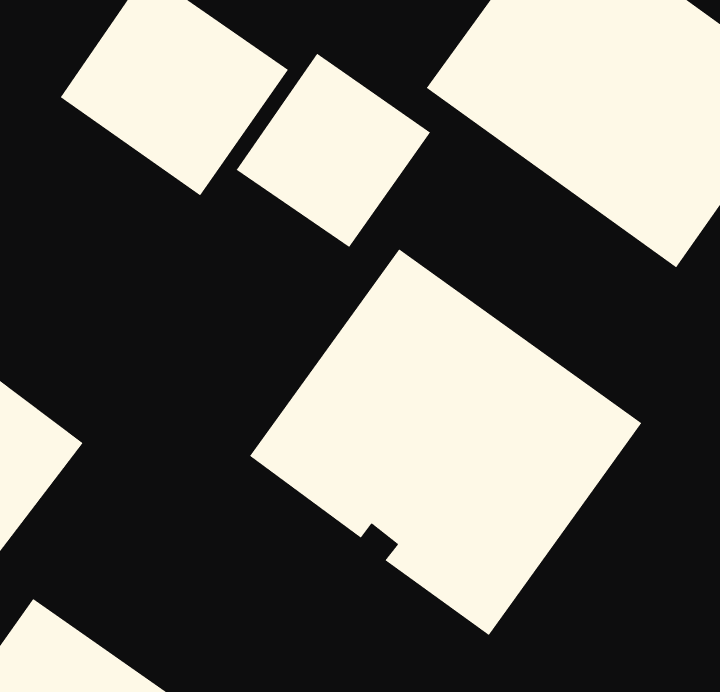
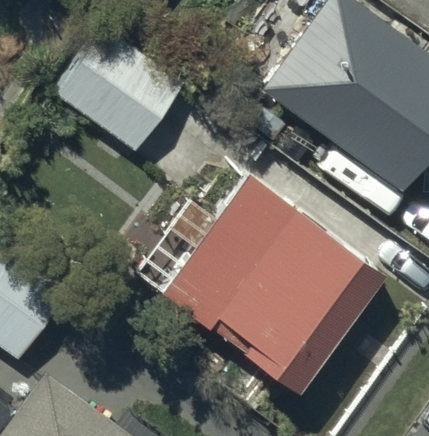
building: [236,53,431,248] -> none

